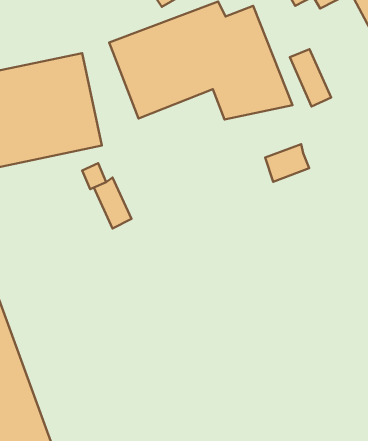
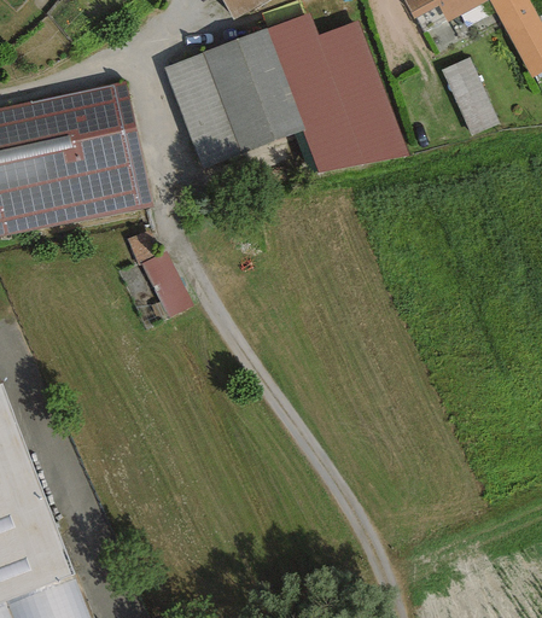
building: [290,49,331,106] -> [442,59,497,136]
building: [265,144,309,182] -> none

